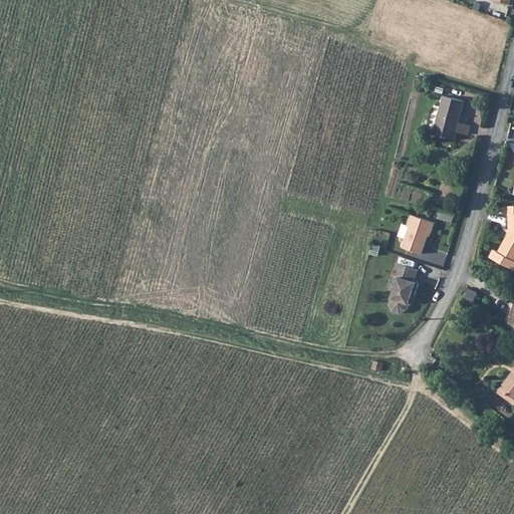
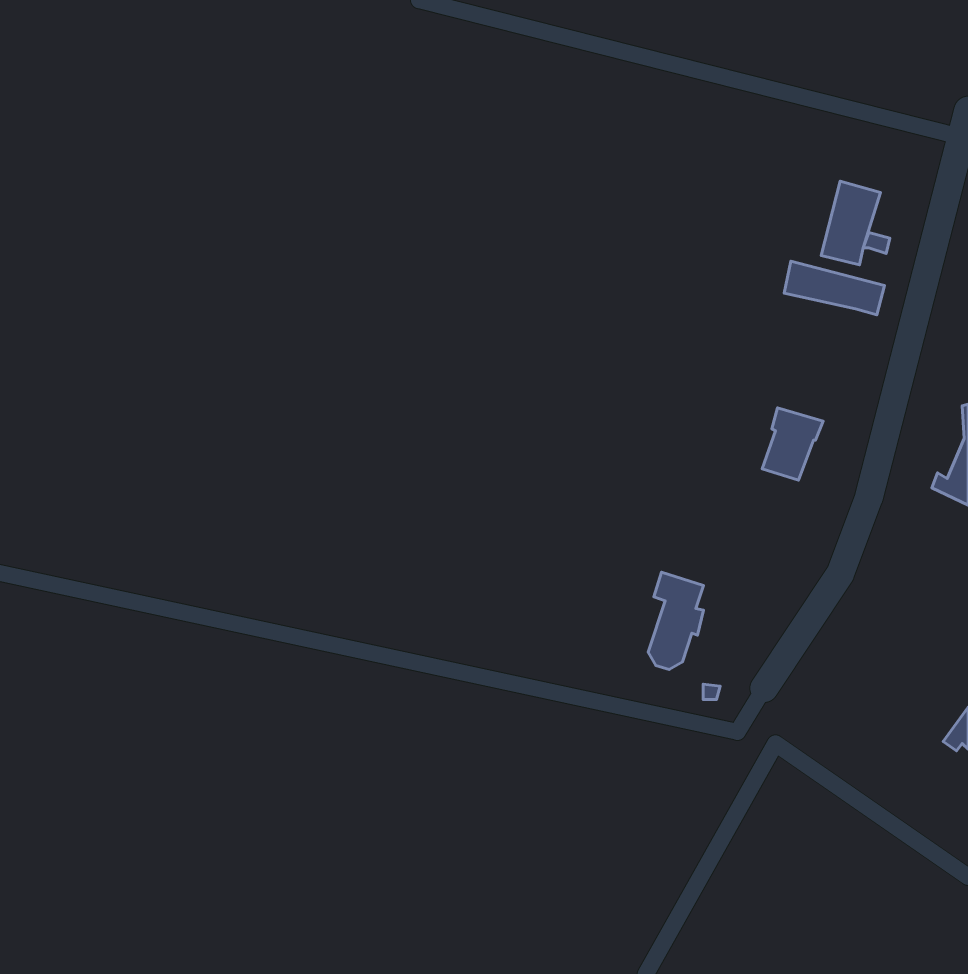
building: none -> [784,261,885,315]
building: [391,263,420,314] -> [648,572,703,669]

